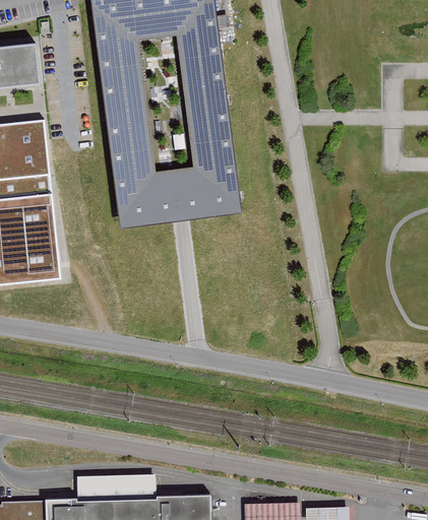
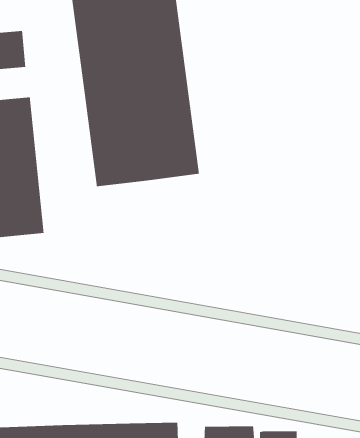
building: [78,475,158,501] -> none

